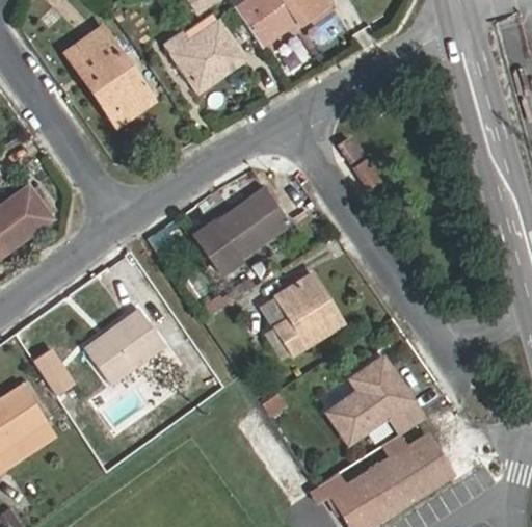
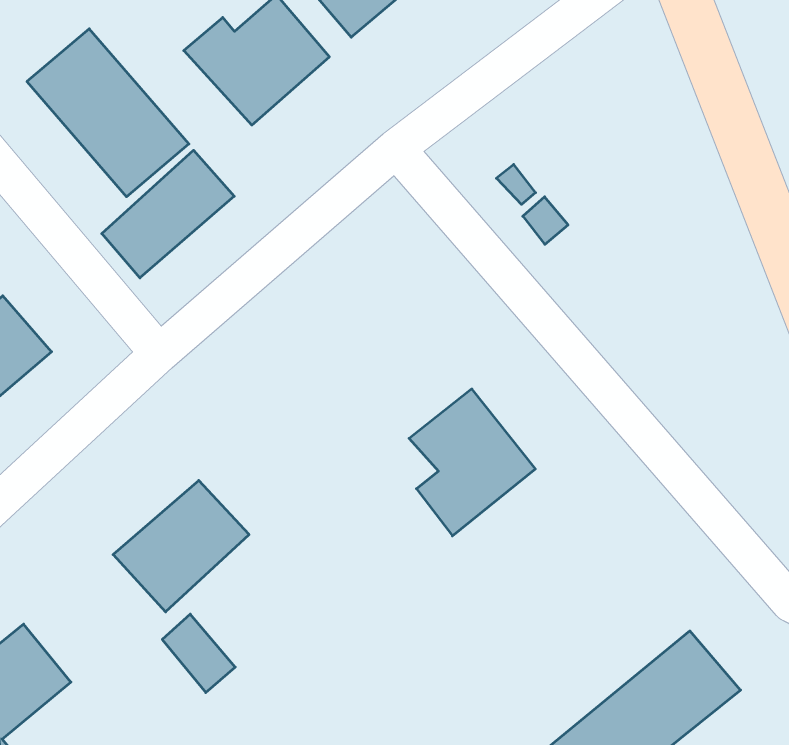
building: none -> [102,150,234,278]
building: [193,187,290,273] -> none
building: [31,351,74,400] -> [162,614,235,693]
building: [322,355,425,447] -> none

